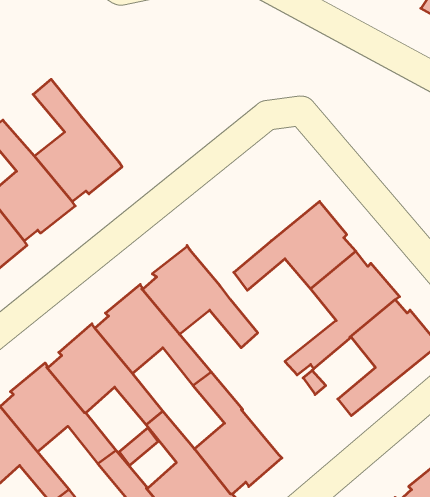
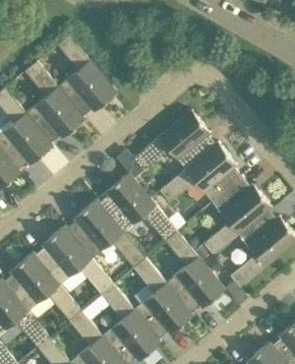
building: none -> [56,35,117,116]
building: none -> [116,110,218,175]
building: none -> [165,231,225,313]

